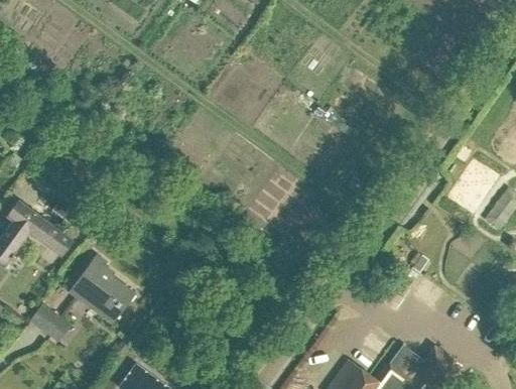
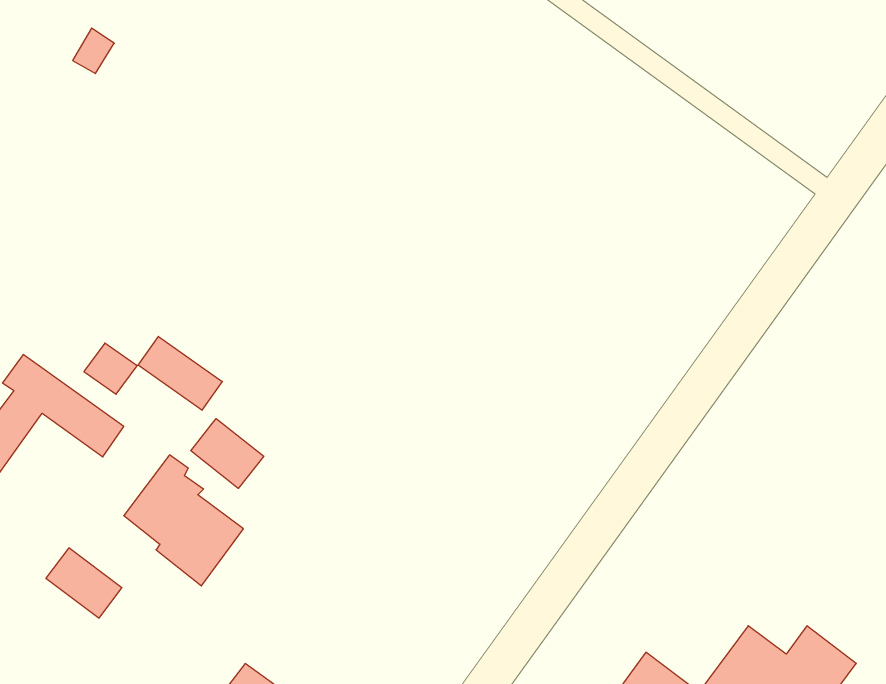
building: none -> [138,336,222,410]
building: none -> [191,419,264,488]

